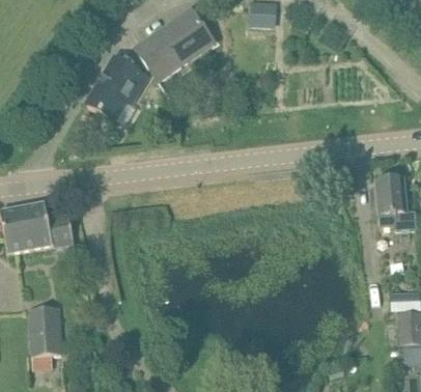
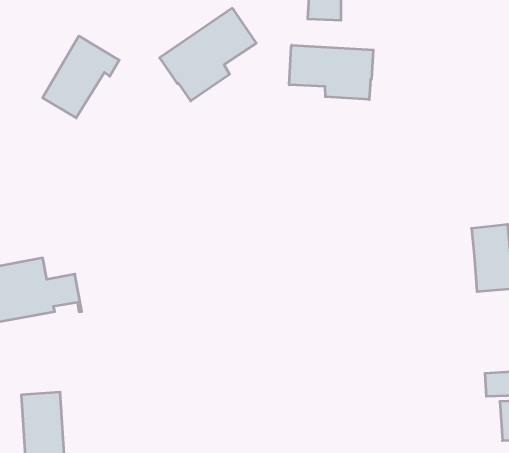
building: none -> [289,45,373,100]
building: [87,57,146,120] -> [43,36,119,118]

